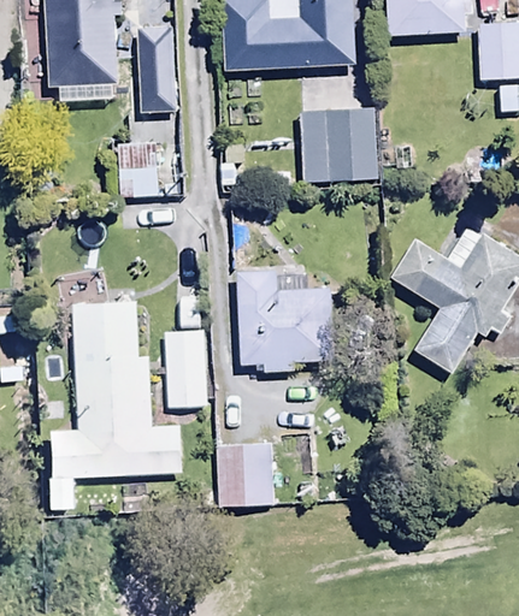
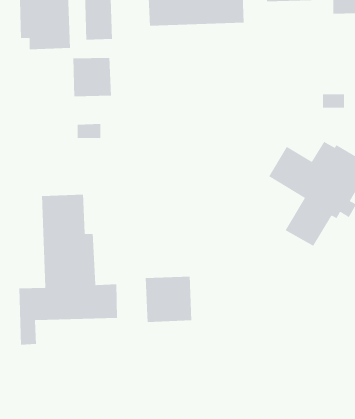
building: [302,88,378,159] -> none
building: [237,268,335,373] -> none
building: [164,307,202,385] -> none

